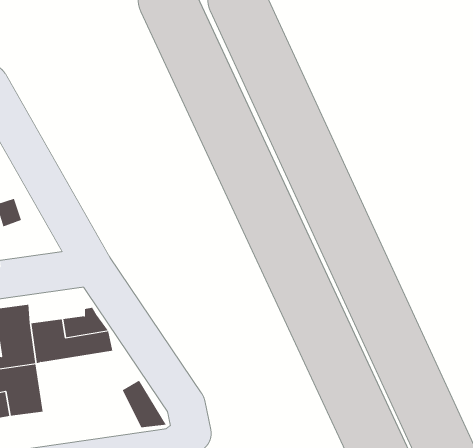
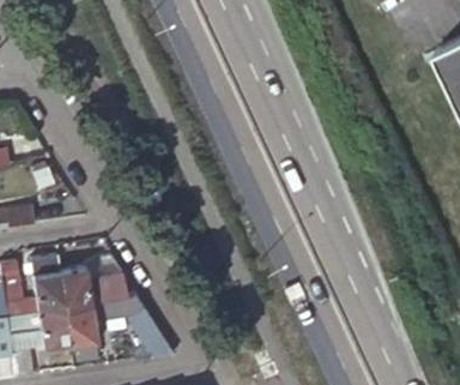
building: none -> [62,295,140,362]

